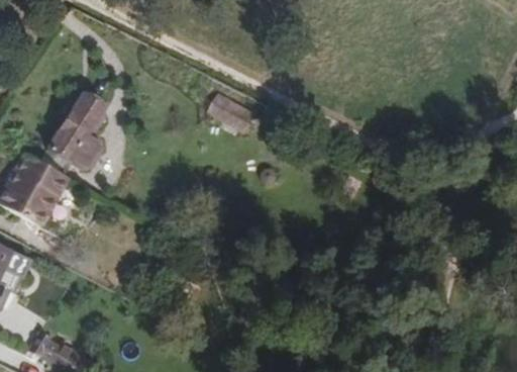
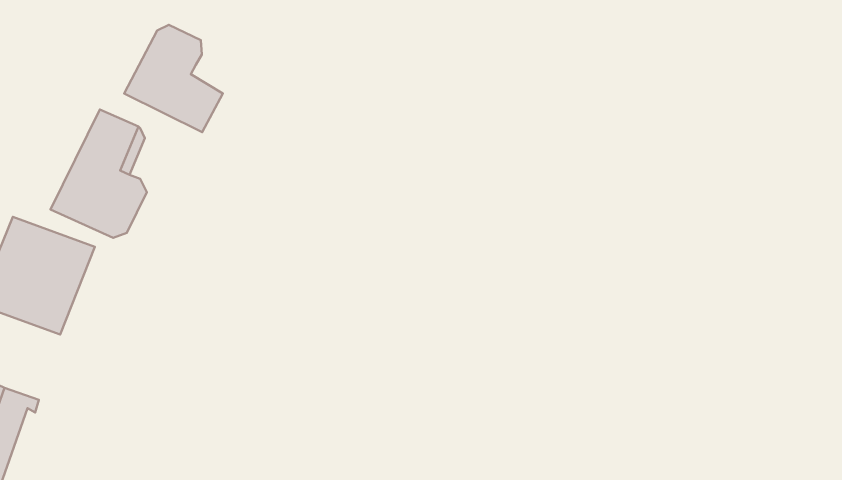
building: none -> [124,25,223,132]
building: [207,91,251,129] -> none

